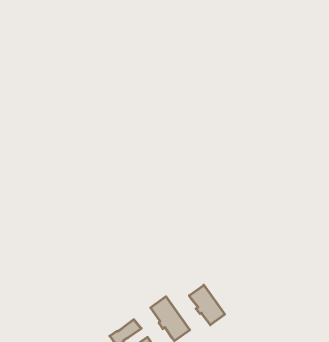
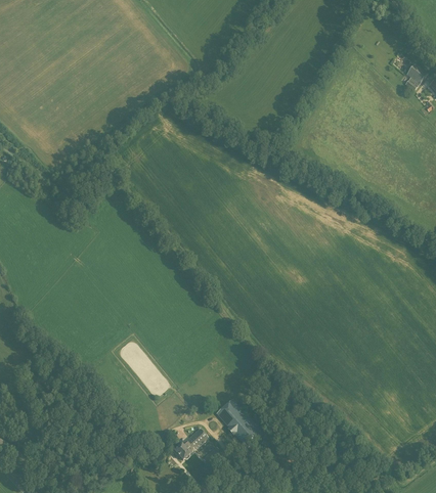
building: [189,285,225,325] -> none

